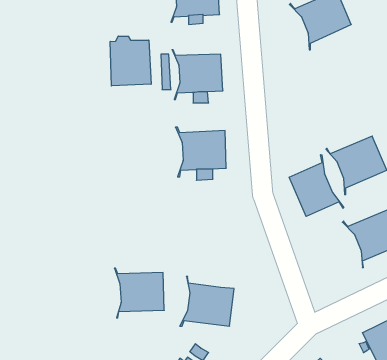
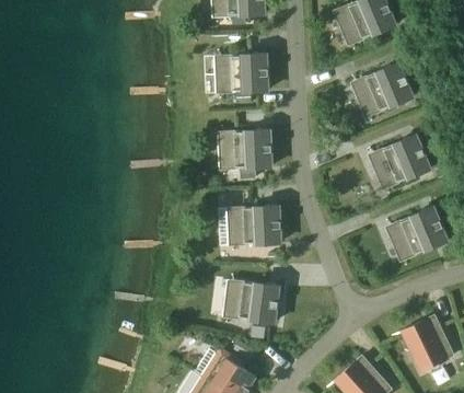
building: [110,36,151,86] -> none
building: none -> [349,63,409,123]
building: [289,155,344,216] -> none
building: [114,268,164,318] -> [228,203,277,252]

